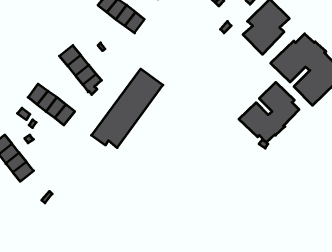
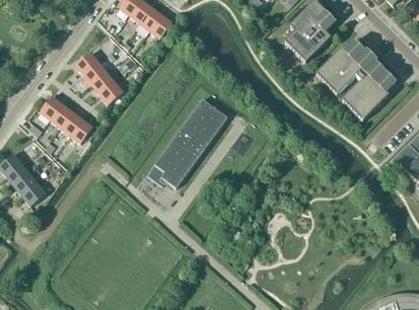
building: [91,69,163,148] -> [147,99,228,188]
building: [239,82,299,142] -> none

